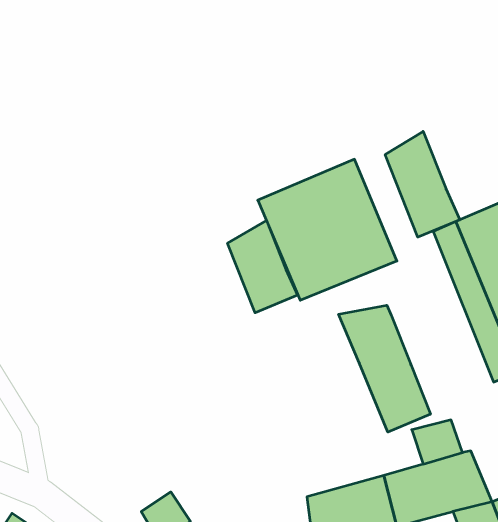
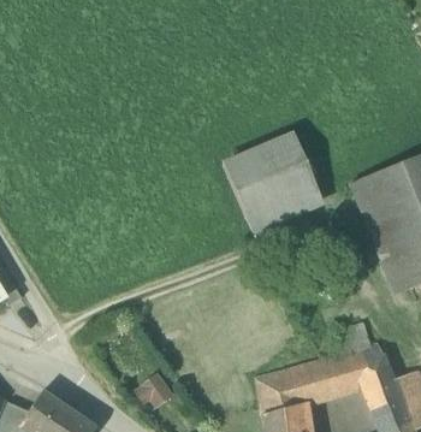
building: [385,131,460,237] -> none
building: [228,221,298,313] -> none
building: [339,305,430,432] -> none

